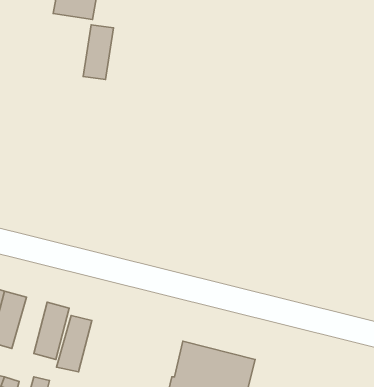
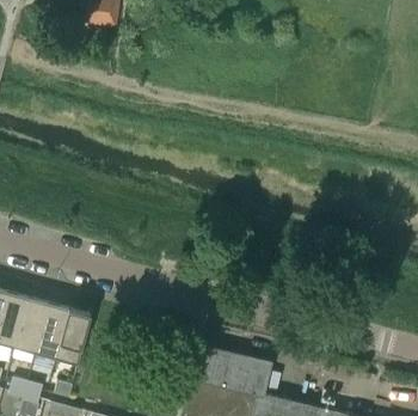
building: [83,25,114,80] -> none
building: [56,316,92,372] -> [36,302,70,357]

